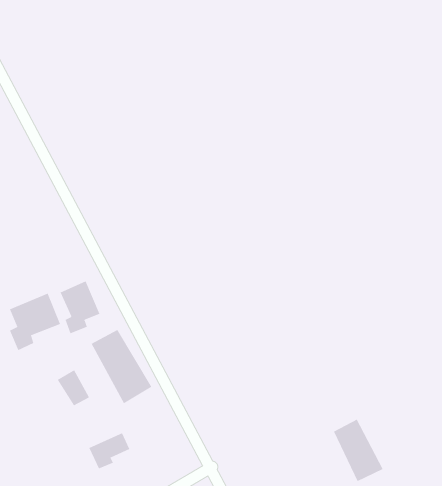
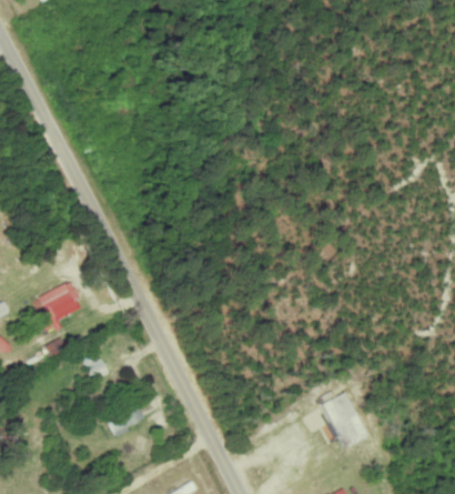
building: [60,281,100,334] -> none
building: [91,329,152,404] -> none

